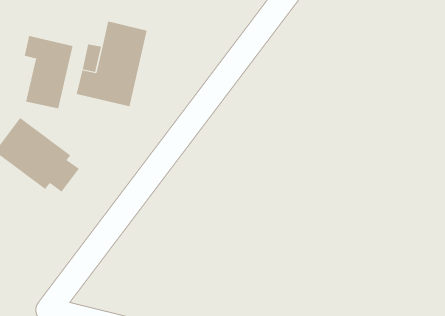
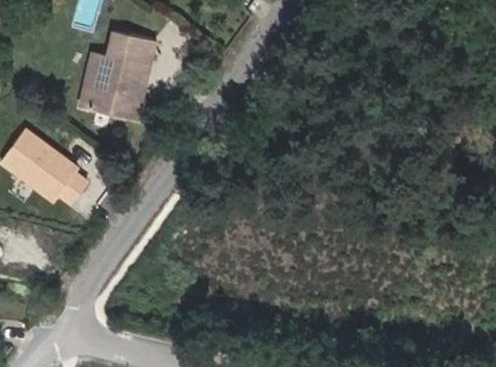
building: [24,35,73,109] -> none

